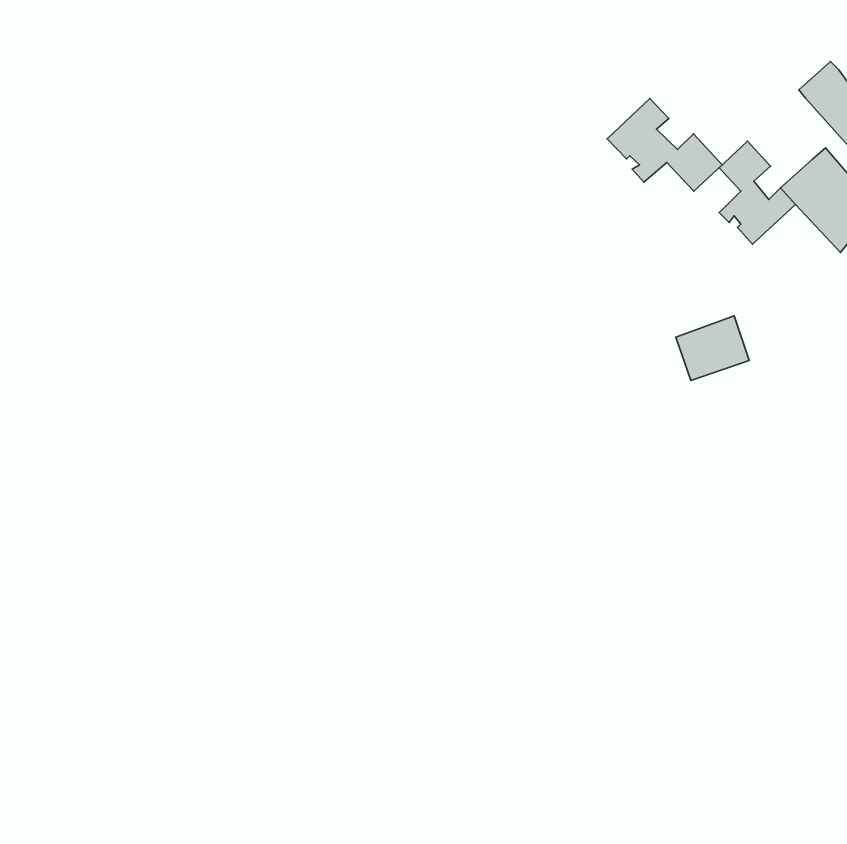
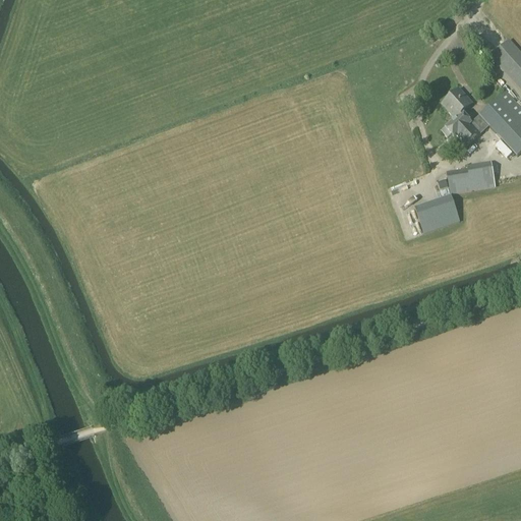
building: [607,99,722,191] -> none
building: none -> [447,160,496,193]

